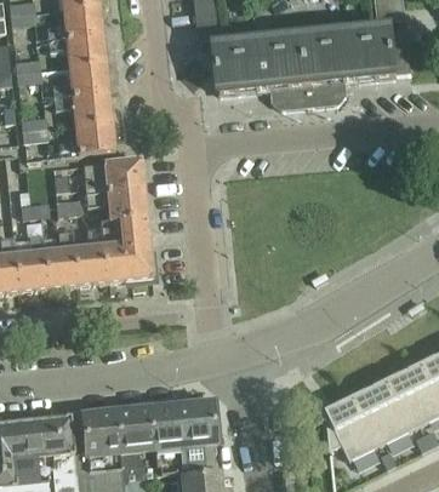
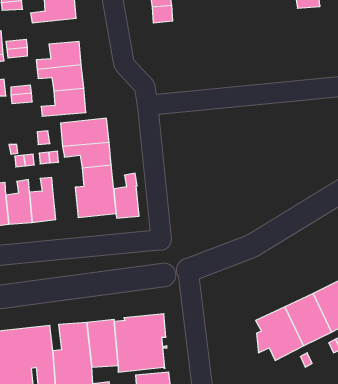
building: [216,25,412,108] -> none
building: [49,33,107,65] -> none
building: [74,228,106,284] -> [114,173,139,218]

